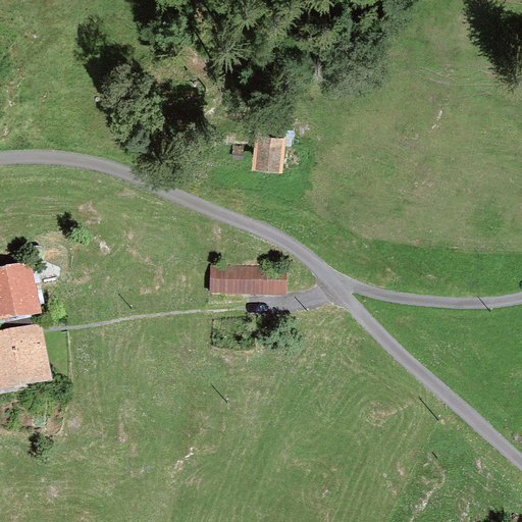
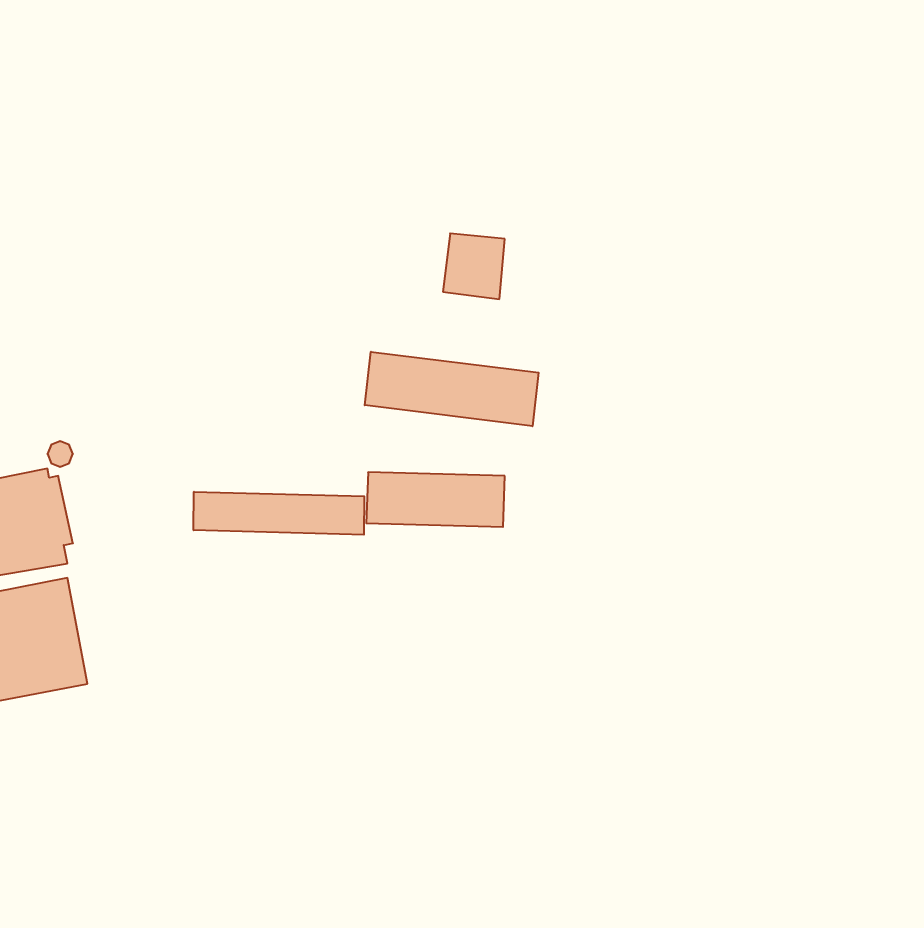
building: none -> [365,352,539,426]
building: none -> [194,492,364,535]

